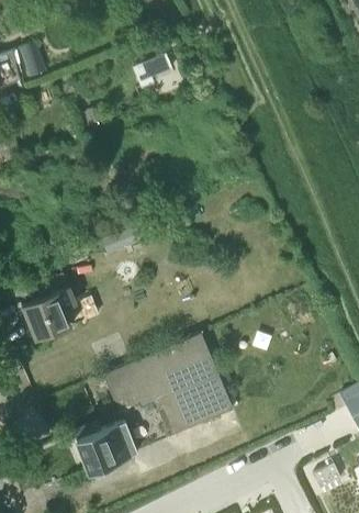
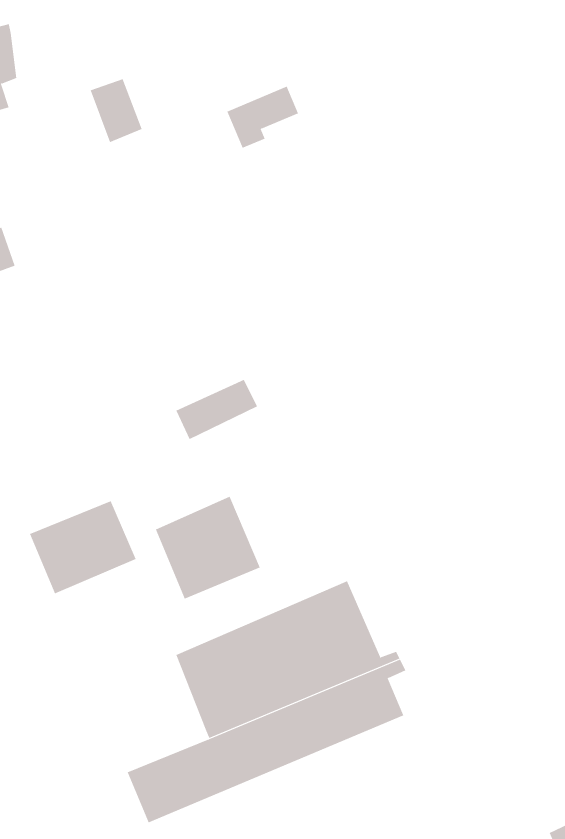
building: [20,41,49,77] -> [90,78,143,143]
building: none -> [155,496,260,600]

